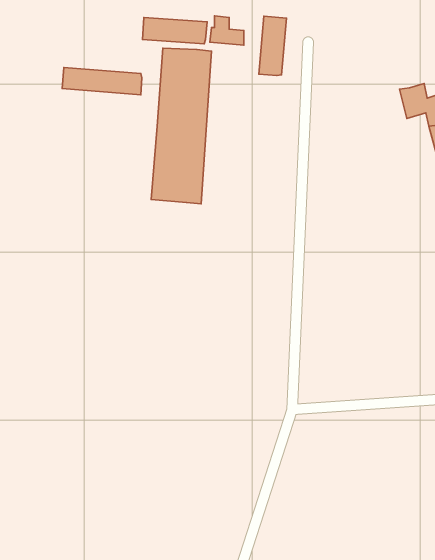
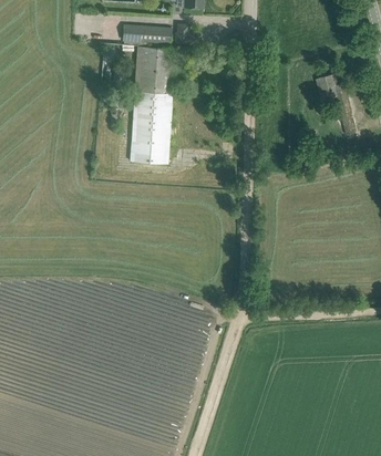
building: [259,16,286,76] -> none
building: [62,68,142,95] -> none

